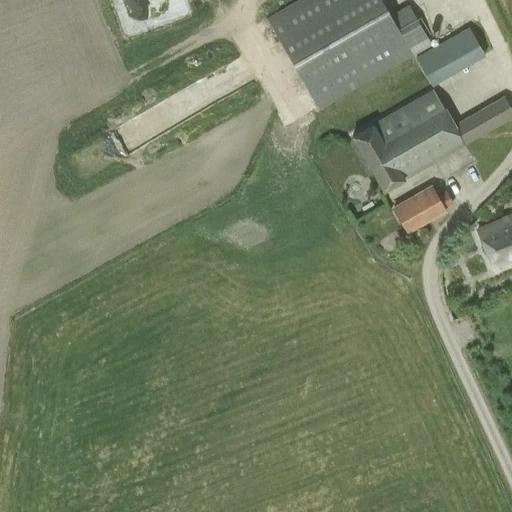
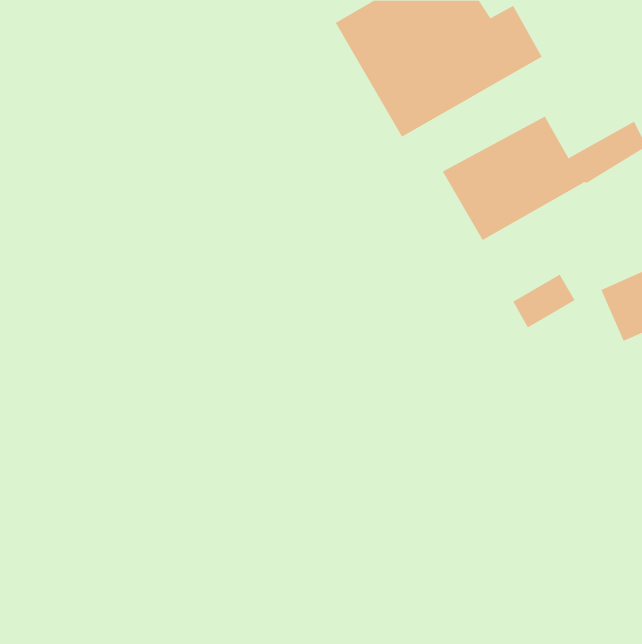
building: [416,29,485,83] -> none
building: [395,188,445,231] -> [512,274,575,328]

